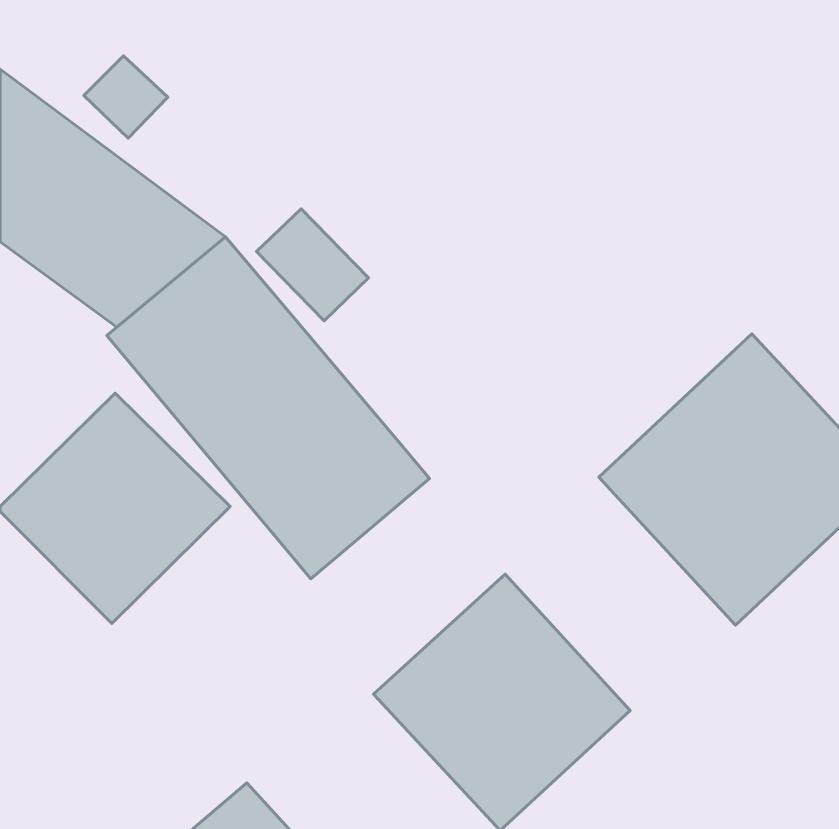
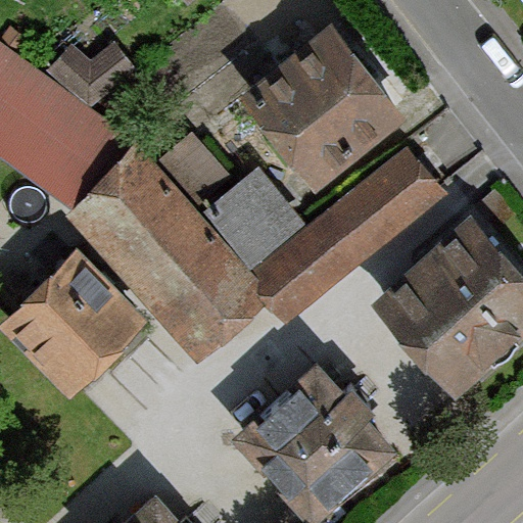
building: none -> [242,23,405,187]
building: none -> [247,149,443,327]
building: none -> [205,170,302,267]

